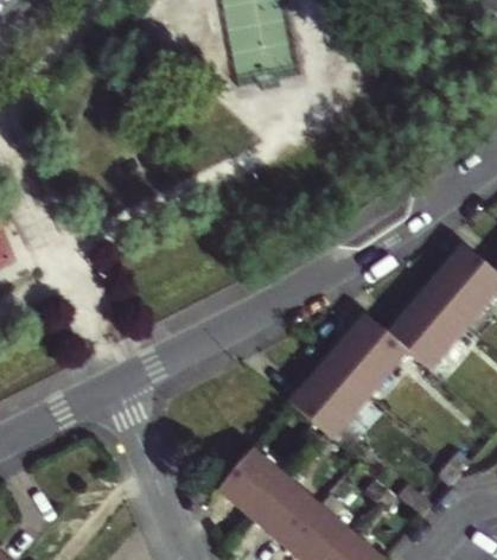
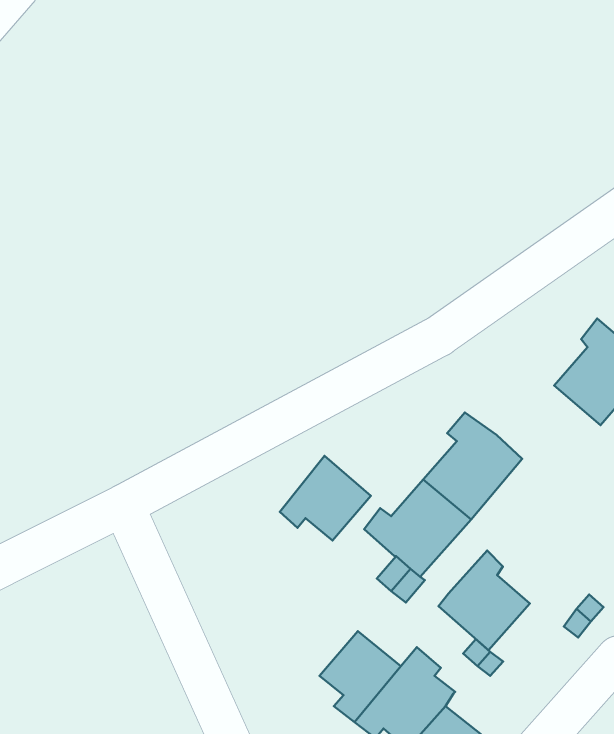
building: [389,294,466,367] -> none
building: none -> [439,550,530,650]
building: [218,447,286,510] -> [280,456,371,541]

